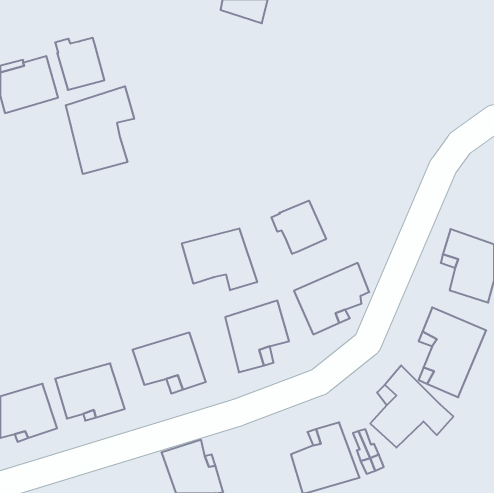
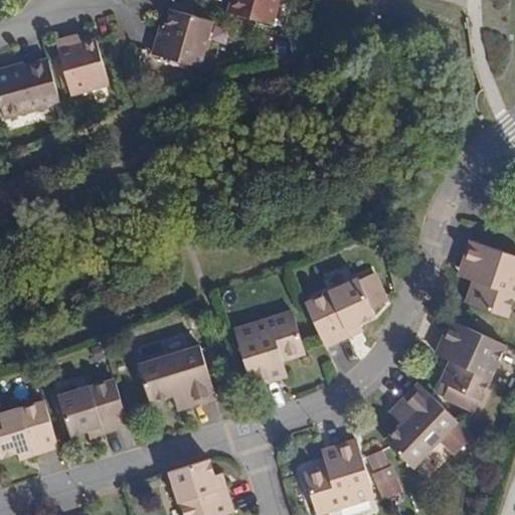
building: none -> [154,8,211,66]
building: [66,86,134,174] -> none
building: [271,201,326,254] -> none
building: [182,228,257,290] -> none

